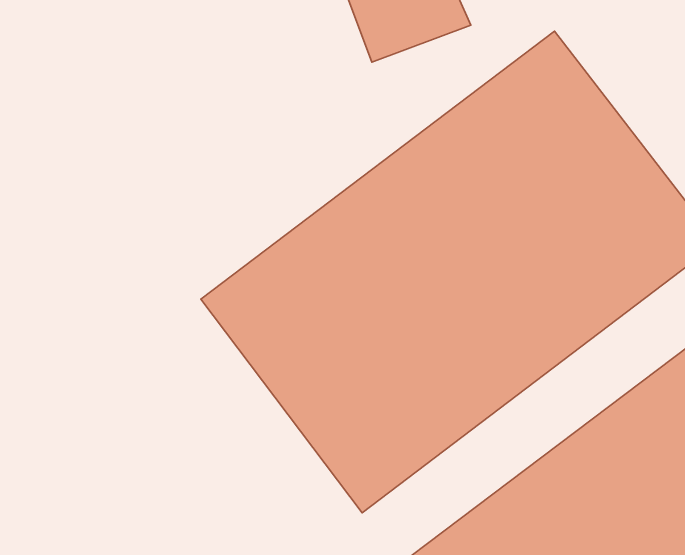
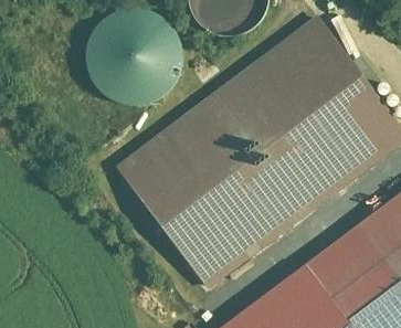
building: none -> [86,7,183,104]

